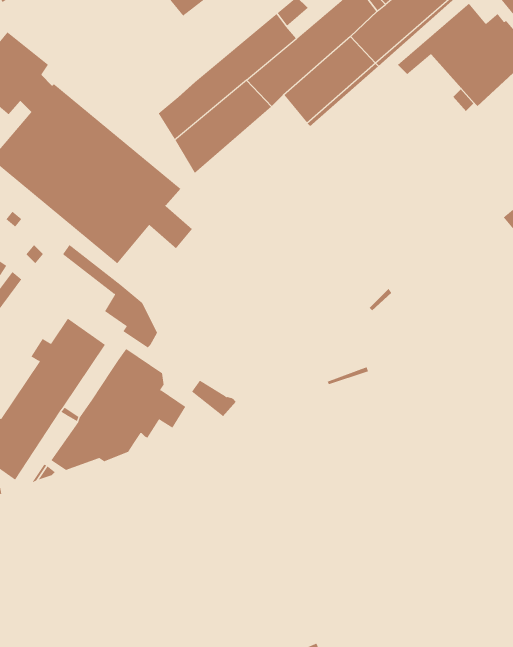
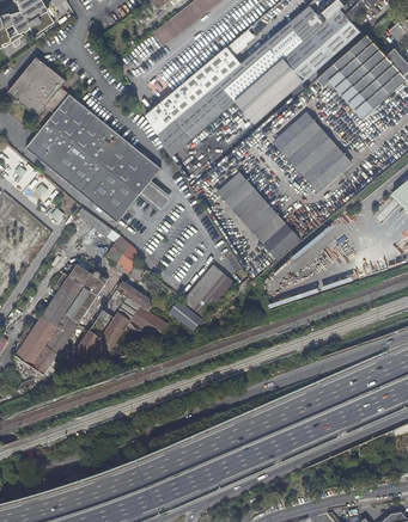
building: none -> [272,113,351,194]
building: none -> [217,173,298,260]
building: none -> [183,265,235,319]

